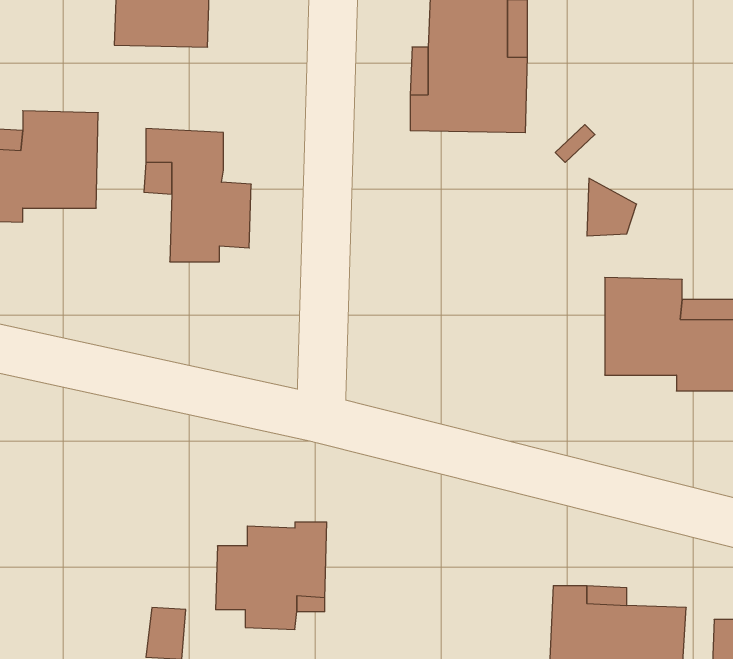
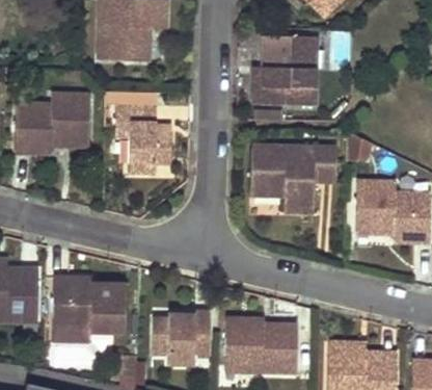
building: none -> [250,146,336,211]
building: none -> [52,277,125,336]
building: none -> [224,316,297,371]

